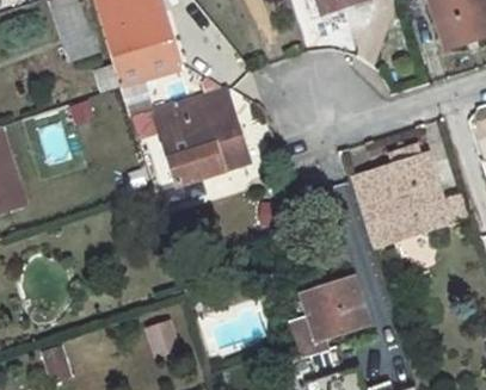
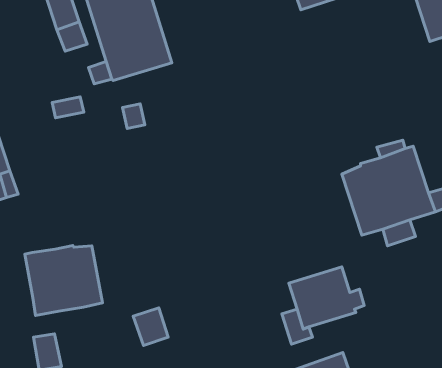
building: [155,87,250,185] -> none
building: none -> [25,245,102,316]

